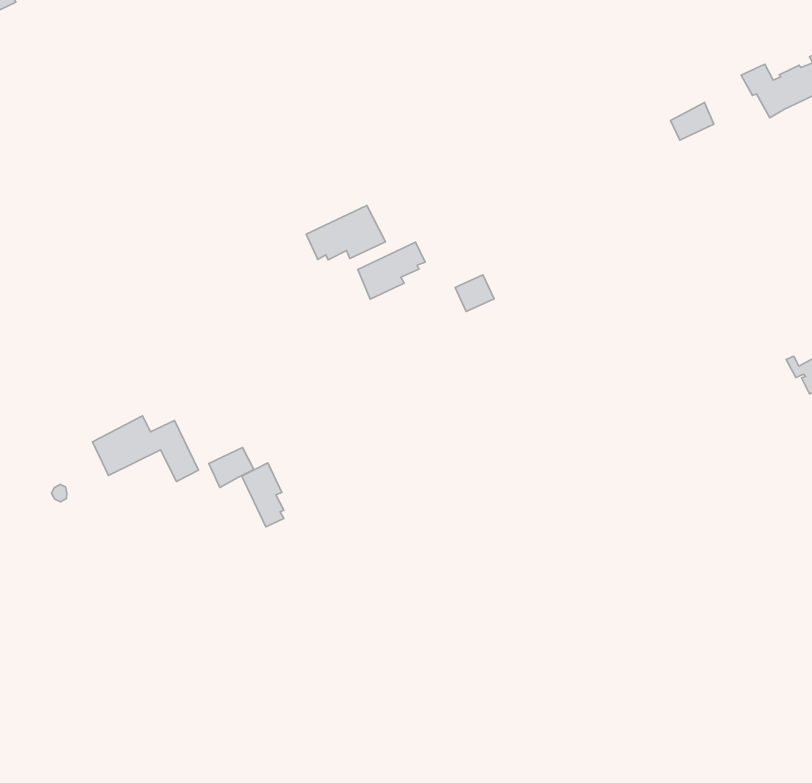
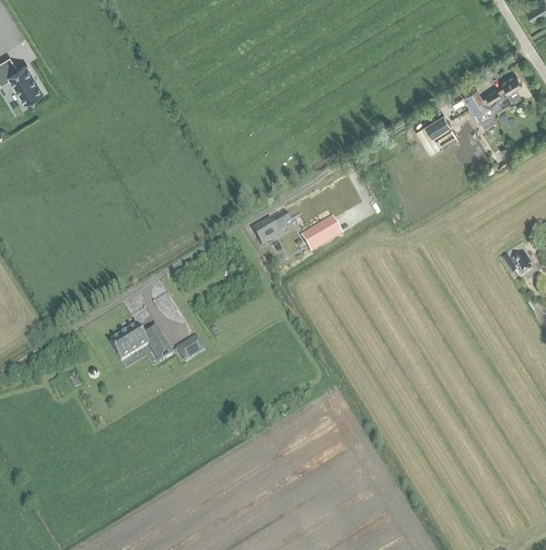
building: [306,205,385,260] -> none
building: [242,463,284,527] -> none

